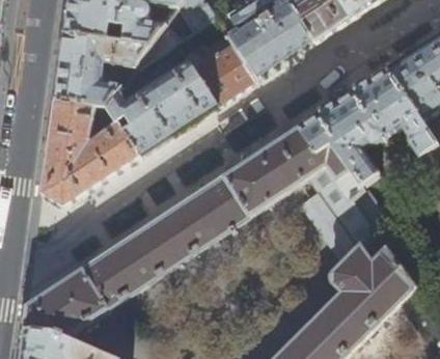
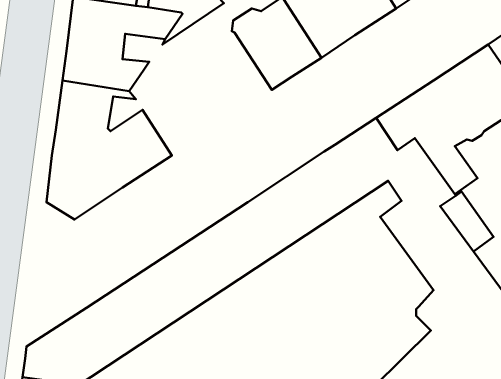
building: [106,60,217,156] -> none

